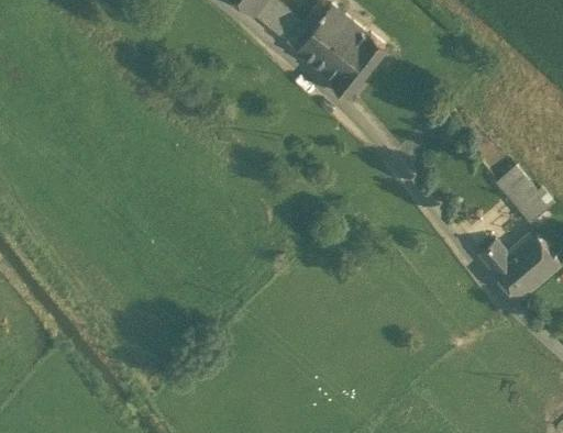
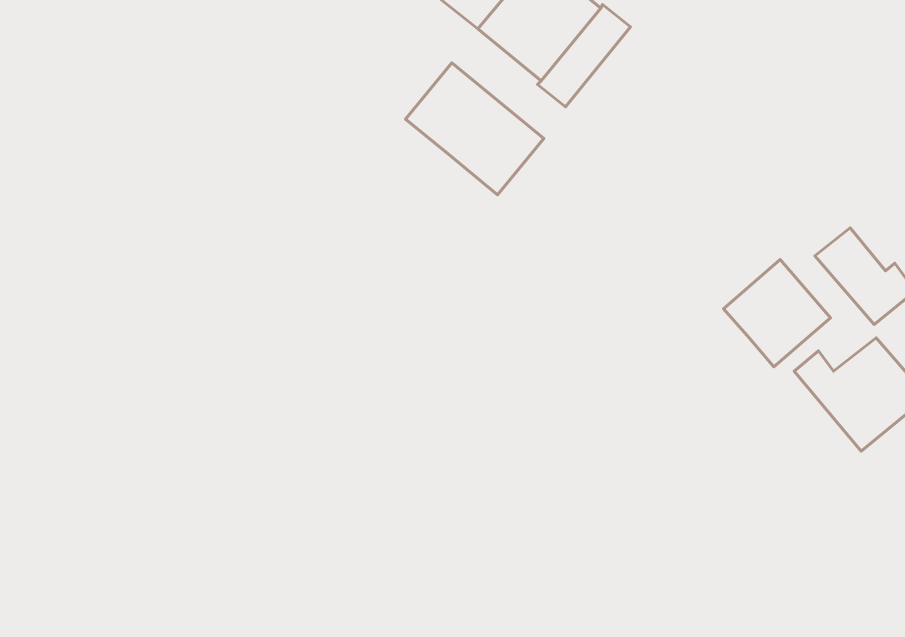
building: none -> [406,63,544,195]
building: none -> [724,260,831,367]

